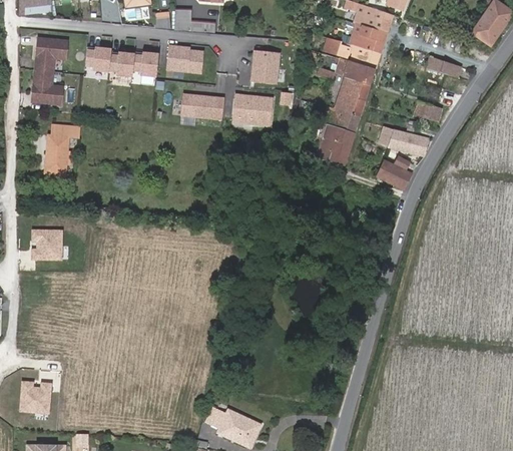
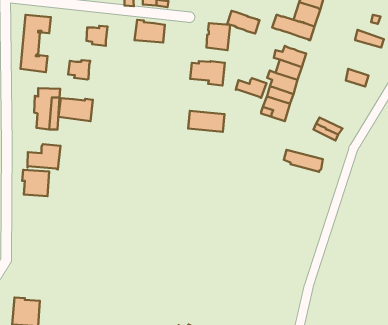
building: [84,47,110,70] -> [68,60,90,80]
building: [131,51,157,75] -> none
building: [336,57,374,84] -> [227,11,259,34]
building: [180,92,223,117] -> [188,111,225,132]
building: none -> [236,78,267,98]
building: [382,129,428,155] -> [284,150,323,172]
building: none -> [58,98,93,121]
building: none -> [27,144,61,169]

